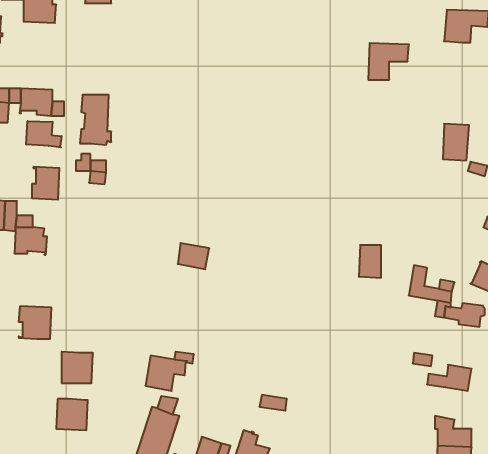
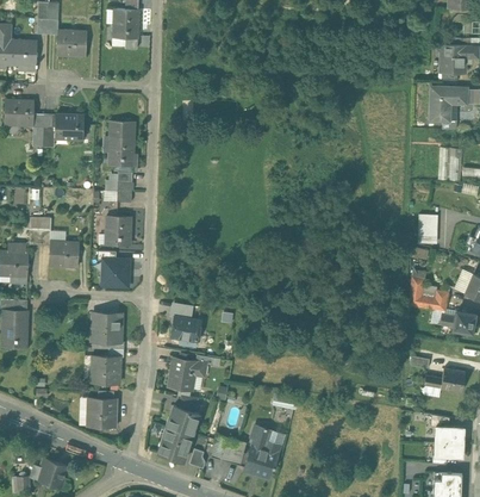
building: [368,43,409,80] -> [430,87,467,120]
building: [26,121,62,147] -> none
building: [32,167,59,200] -> [106,216,131,246]
building: [178,243,209,269] -> [172,317,200,341]
building: [359,245,381,278] -> [417,215,437,244]
building: none -> [102,260,129,287]
building: [19,306,51,339] -> [92,312,121,342]

